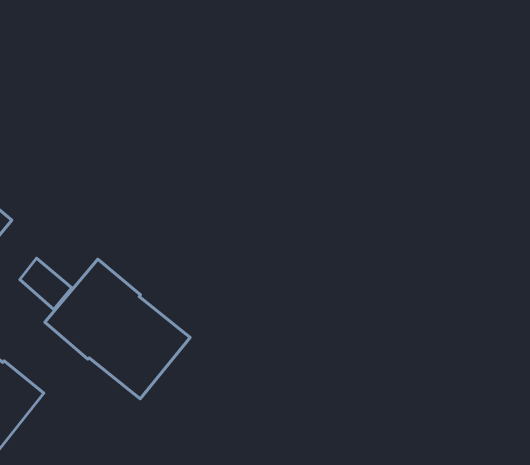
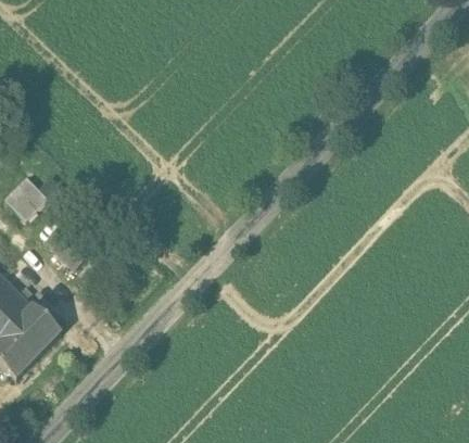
building: [45,259,190,399] -> none

